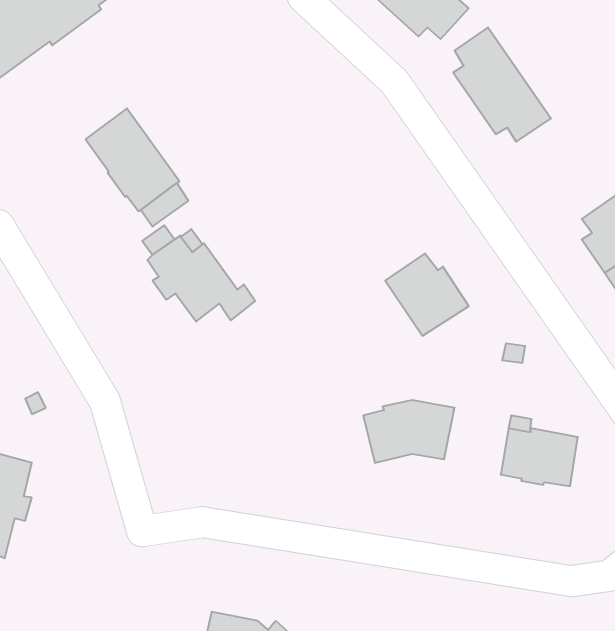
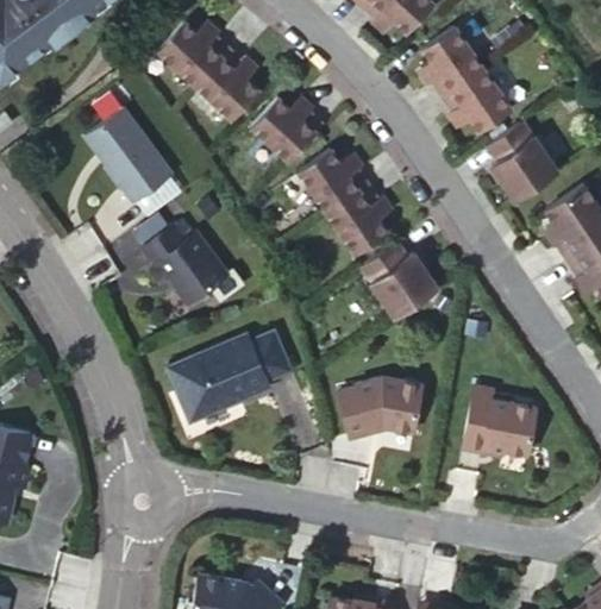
building: none -> [159,18,259,117]
building: none -> [251,95,324,159]
building: none -> [486,124,557,202]
building: none -> [299,147,388,253]
building: none -> [165,329,289,422]

